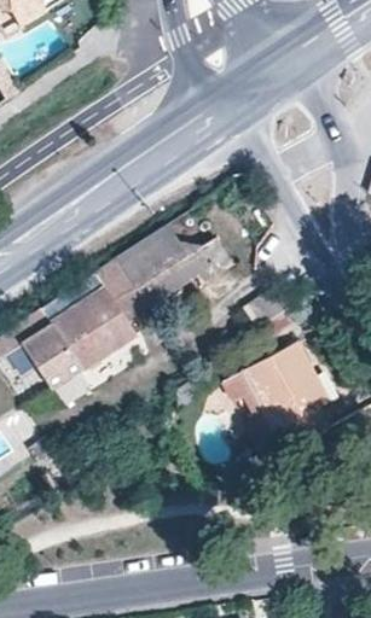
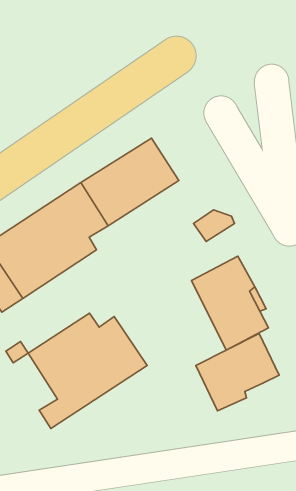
building: none -> [28,313,147,428]
building: none -> [196,334,279,411]

